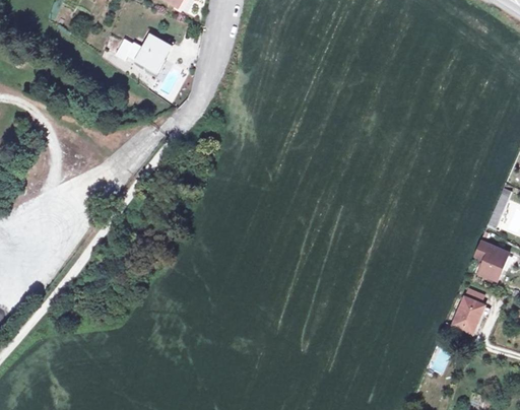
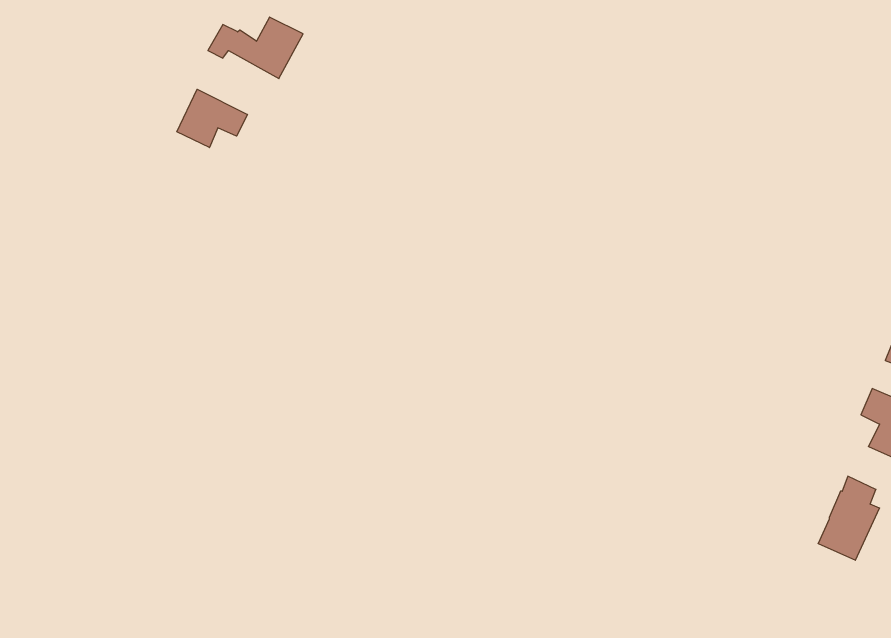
building: none -> [177,89,247,148]

